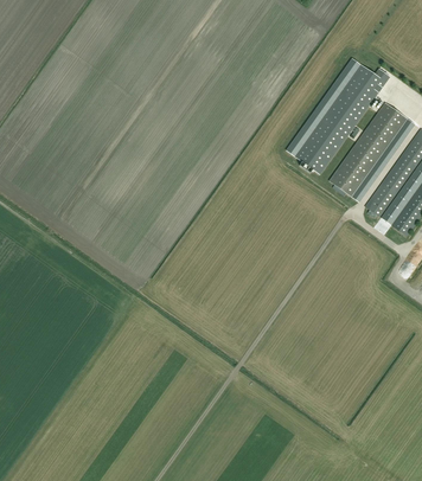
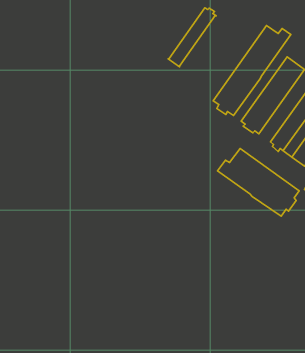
building: none -> [168,8,216,67]
building: none -> [218,149,299,216]

